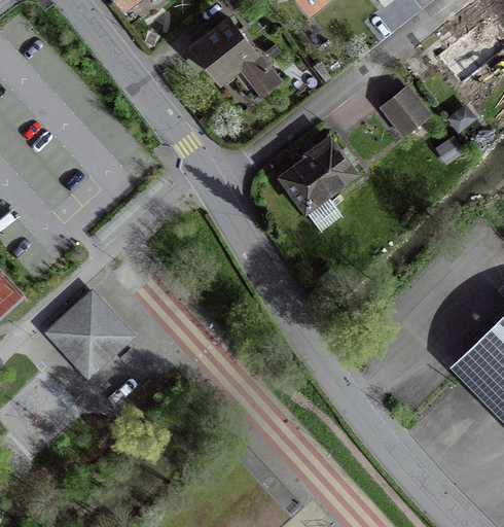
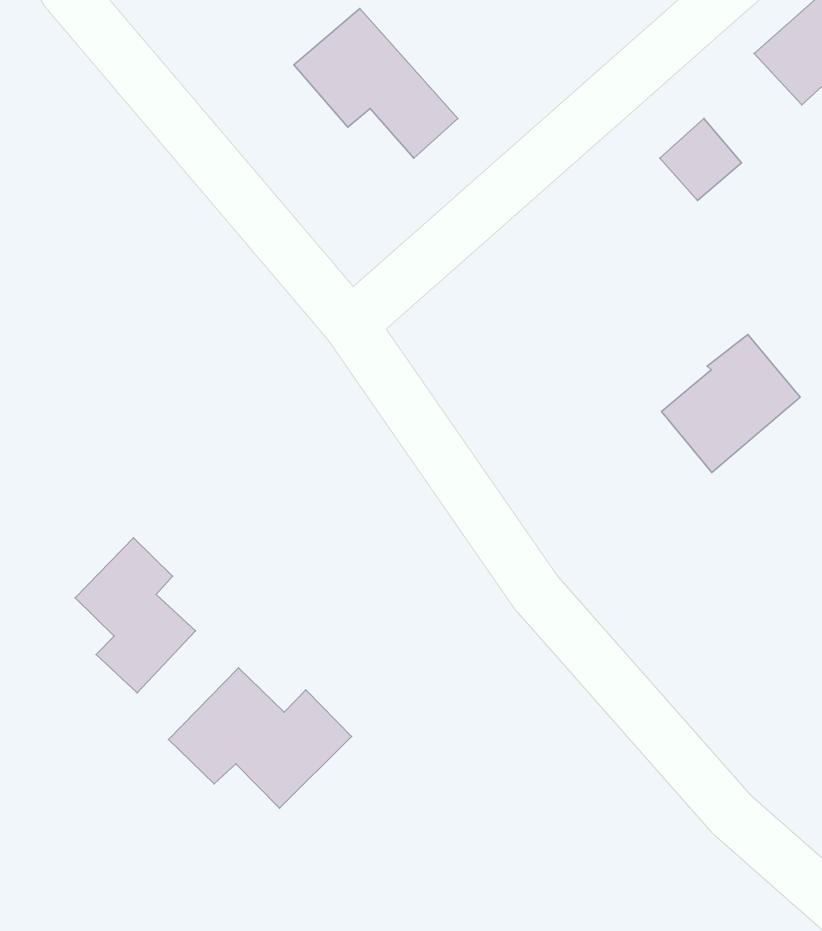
building: [280,138,354,210] -> [661,335,800,472]
building: none -> [169,668,352,808]

